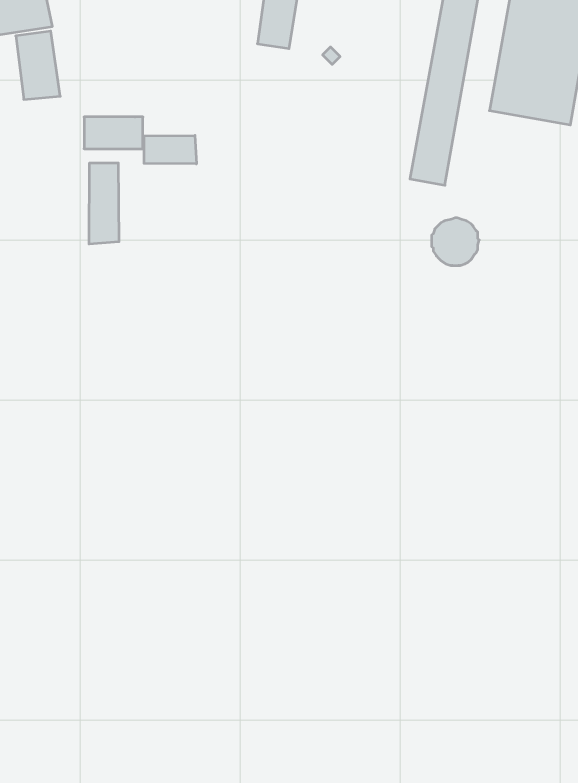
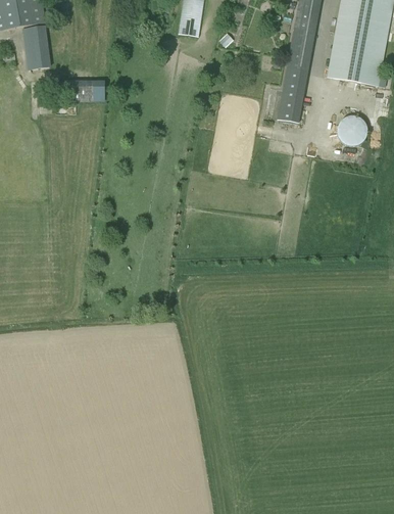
building: [144,135,196,164] -> none
building: [89,163,119,244] -> none
building: [432,218,479,265] -> [337,114,367,145]

